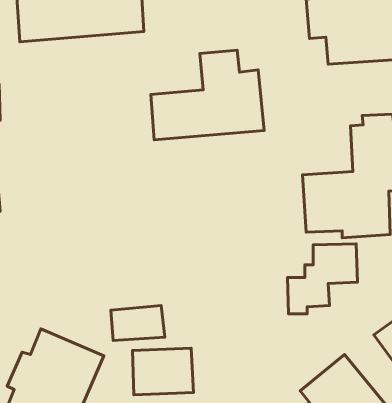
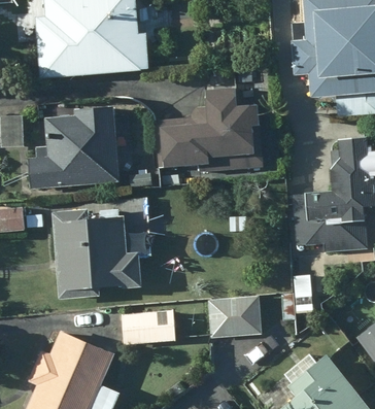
building: none -> [28,107,120,190]
building: none -> [50,207,141,299]
building: [133,348,193,395] -> [206,296,260,337]

